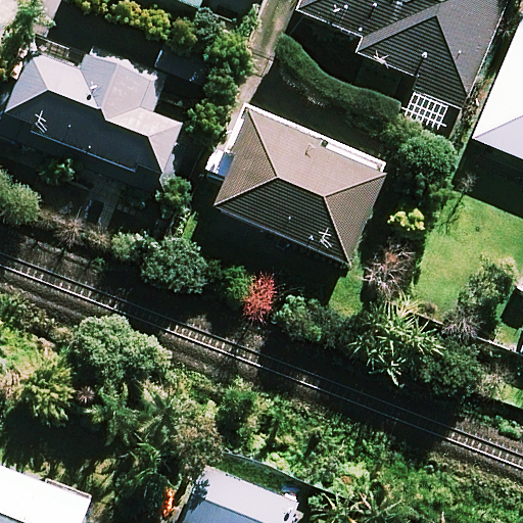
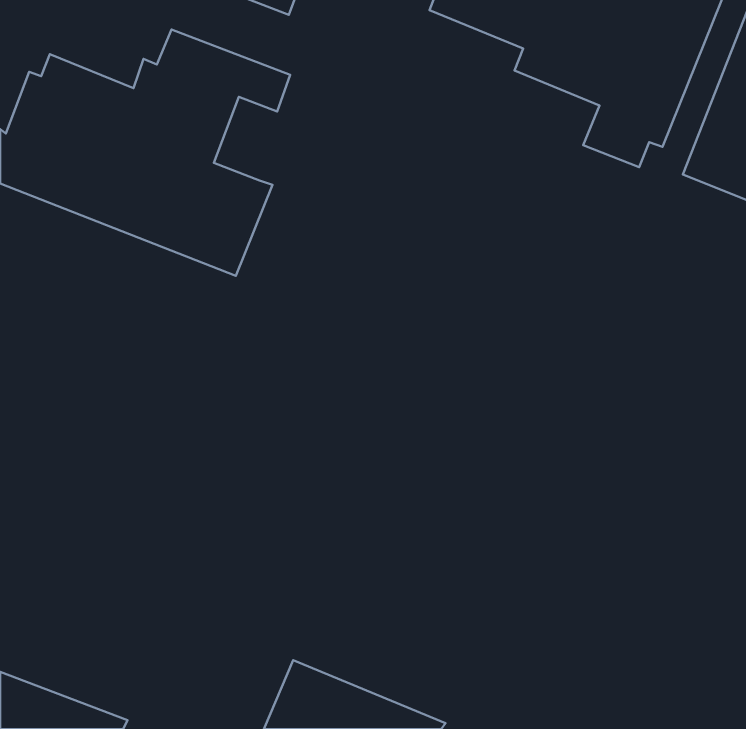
building: [211,110,389,265] -> none

